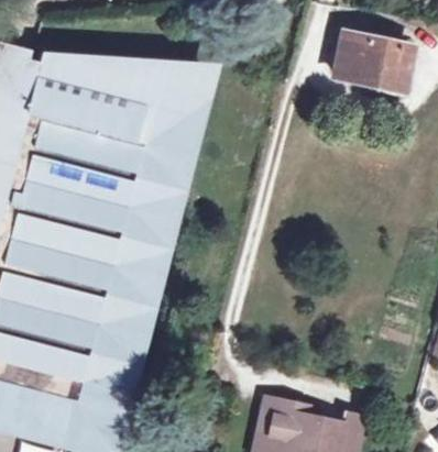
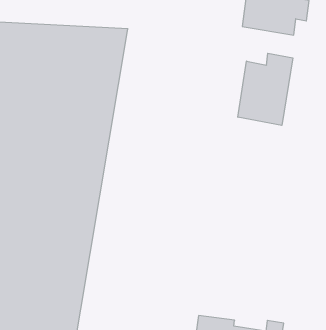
building: none -> [238,53,293,125]

